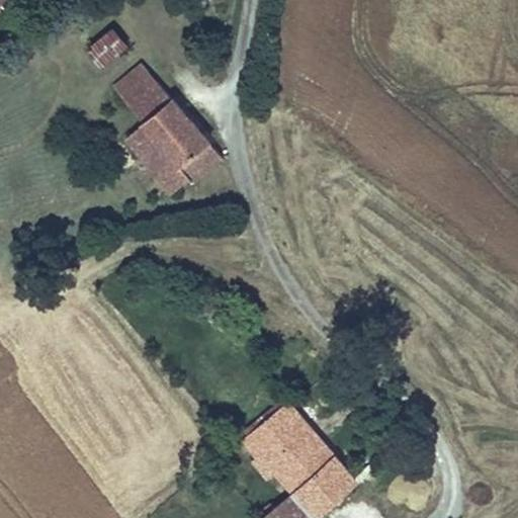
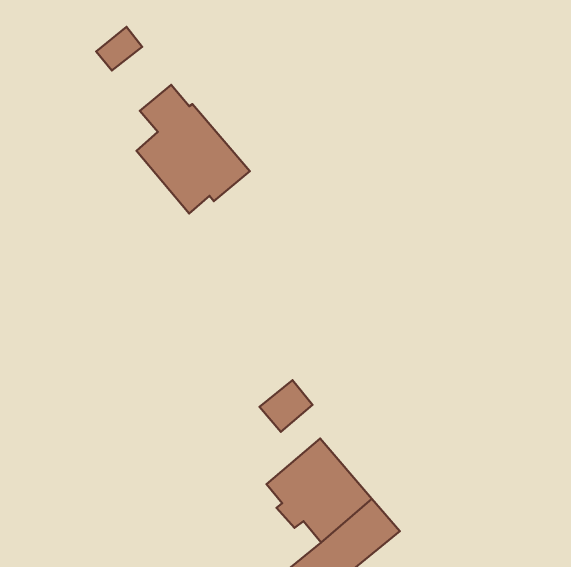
building: [112,64,155,104] -> none
building: none -> [259,380,313,432]

